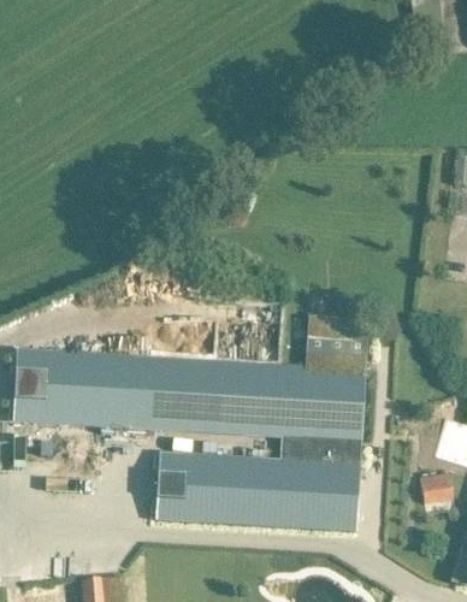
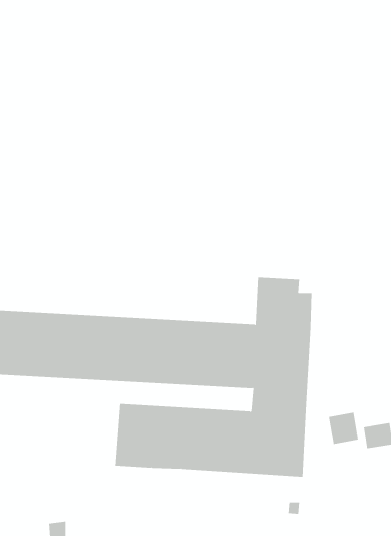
building: none -> [329,412,359,445]

